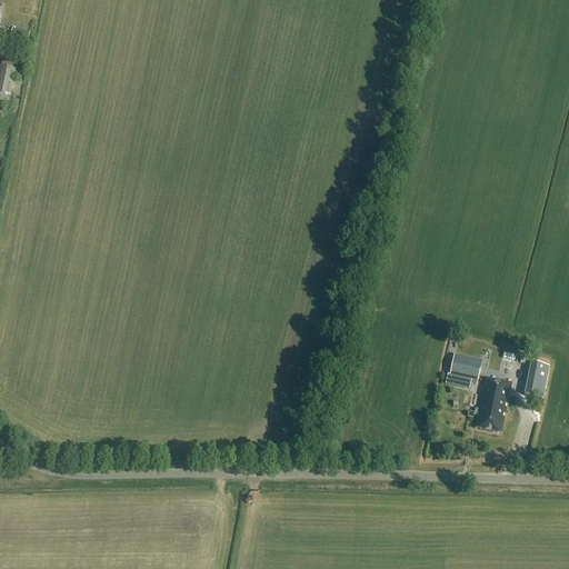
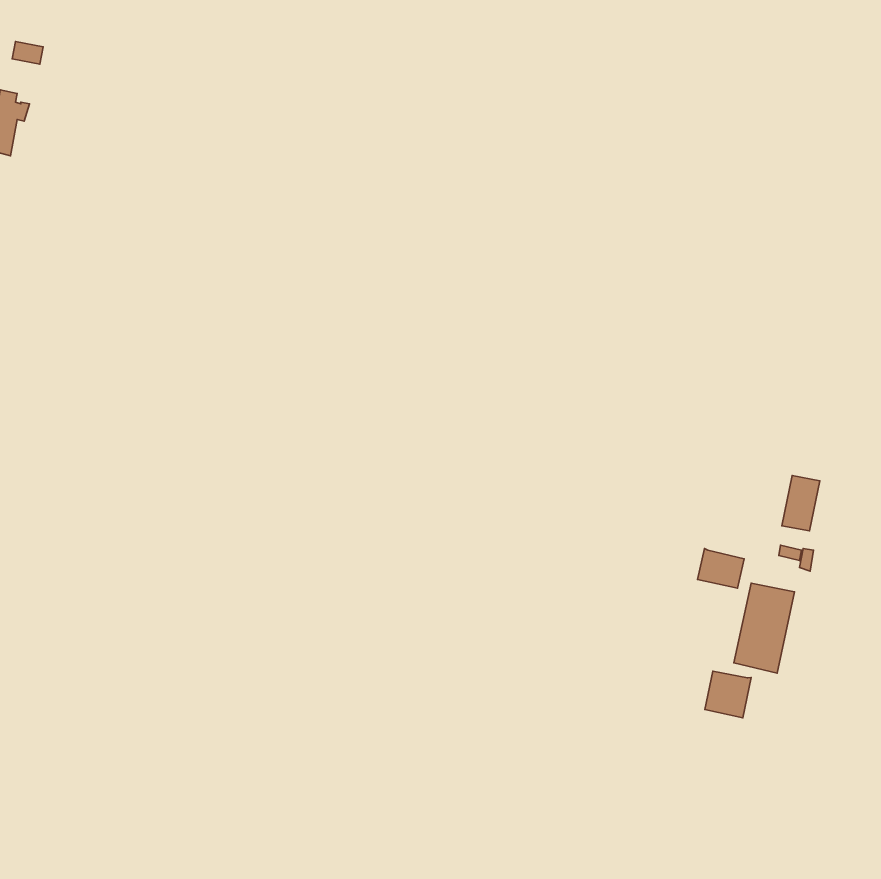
building: [522,361,547,397] -> [782,475,820,531]
building: none -> [705,671,751,718]

